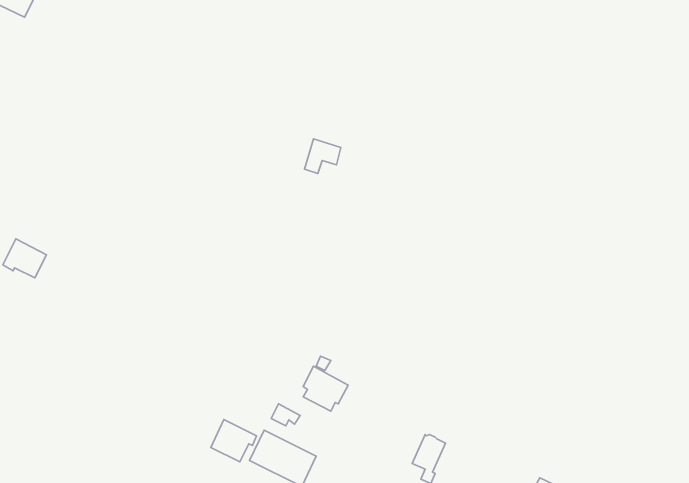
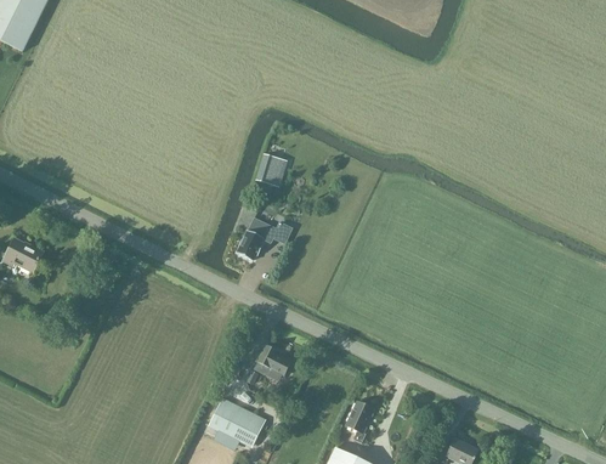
building: none -> [237,217,291,260]
building: [211,419,257,462] -> none

